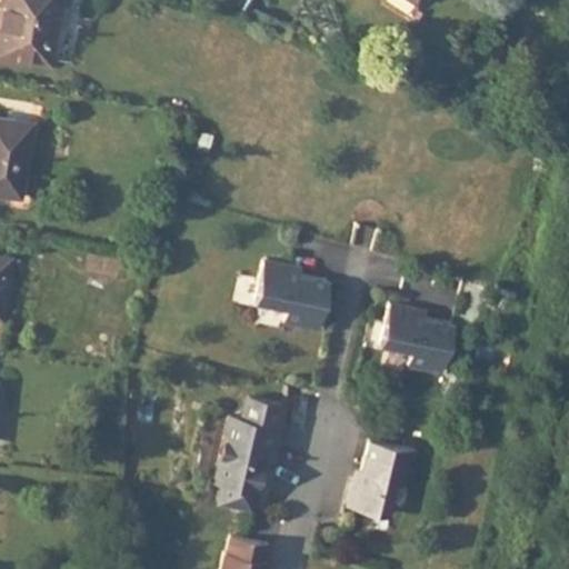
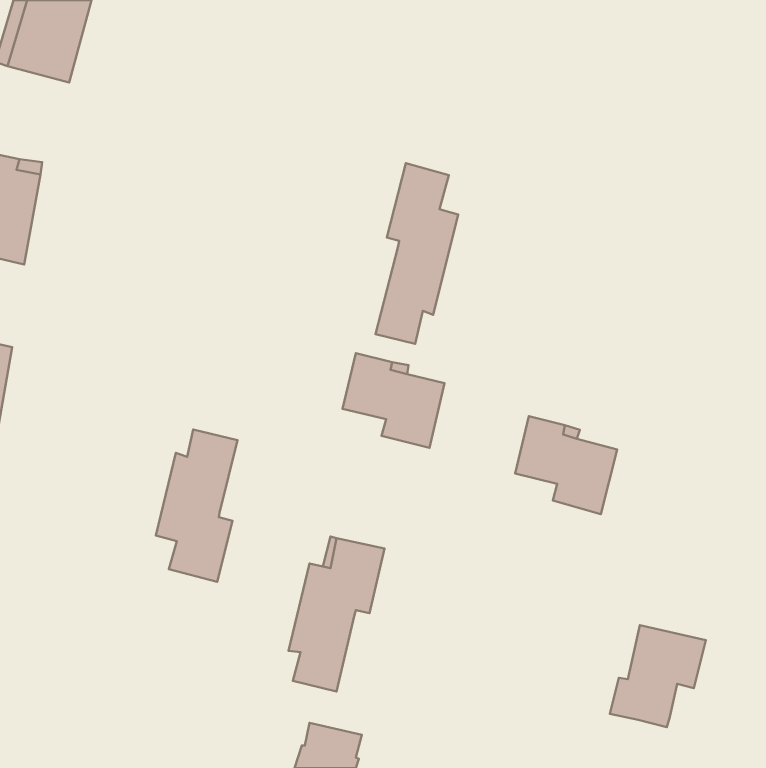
building: none -> [376,163,458,344]
building: none -> [156,430,238,582]
building: [347,443,418,519] -> [610,625,706,727]

